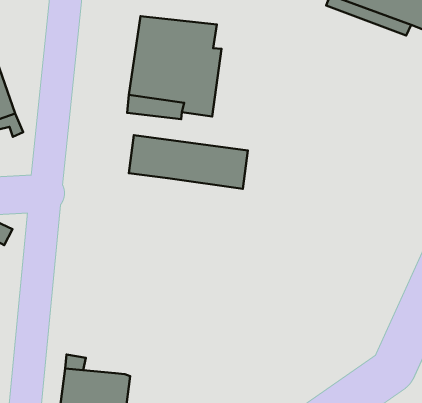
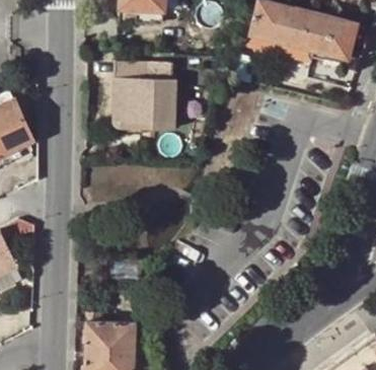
building: [129,135,248,189] -> none

